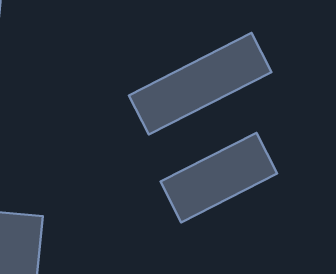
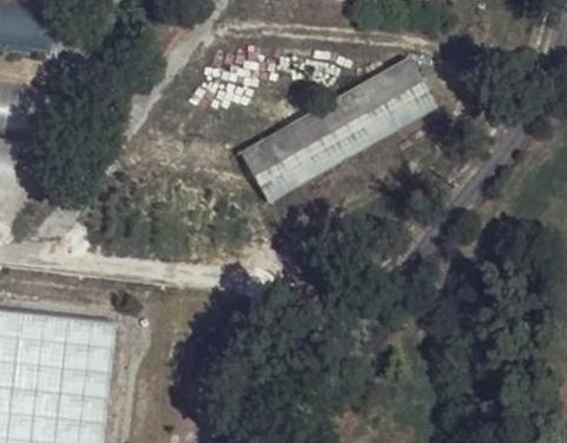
building: [160,133,277,222] -> none

